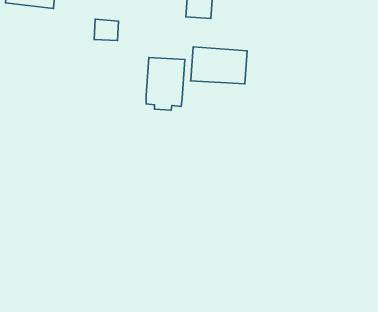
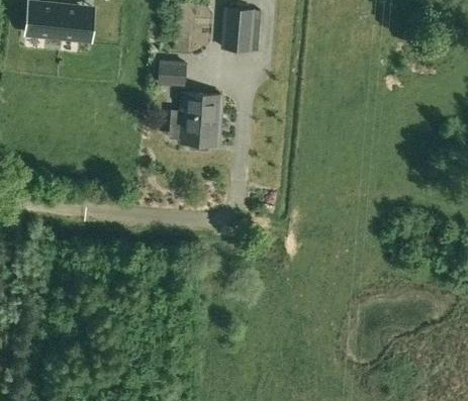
building: [94,19,118,41] -> [158,63,184,86]
building: [191,47,247,84] -> none

